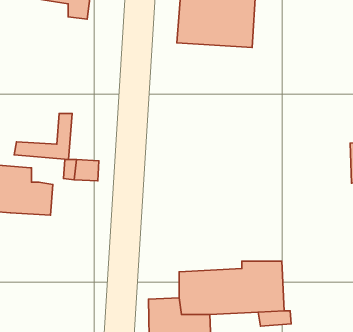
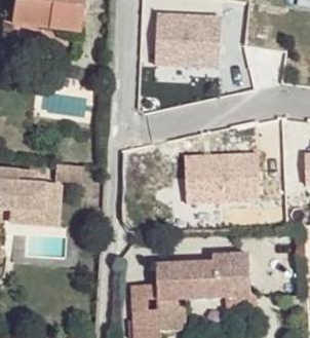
building: [14,114,72,160] -> [8,186,59,226]
building: none -> [186,151,262,202]

